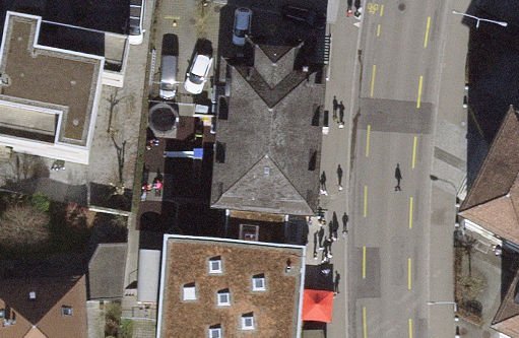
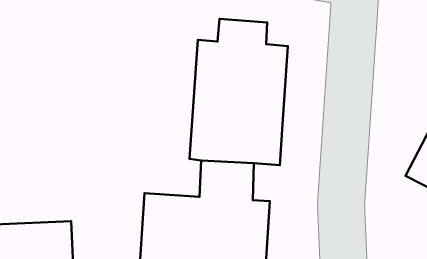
building: [8,22,121,137] -> none

